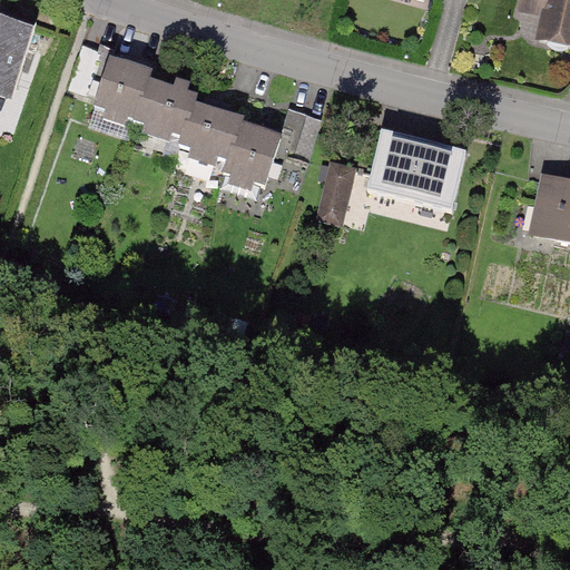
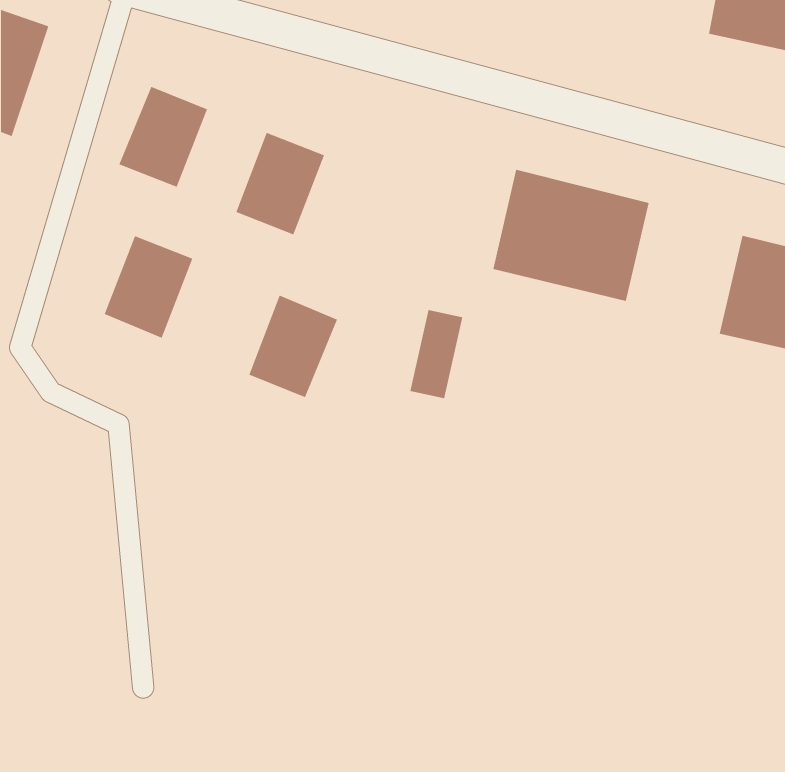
building: [129,79,194,154] -> [104,236,193,339]
building: [287,102,324,151] -> none
building: [214,112,278,187] -> [248,295,338,398]
building: [321,150,360,215] -> [409,310,463,399]

